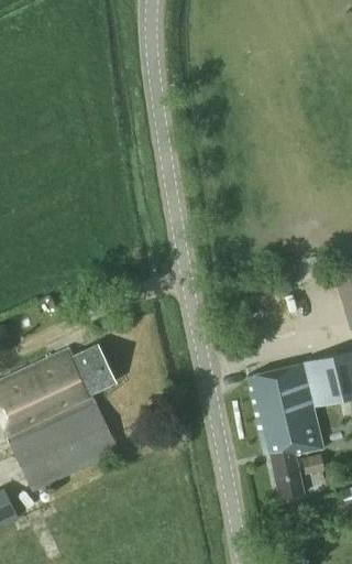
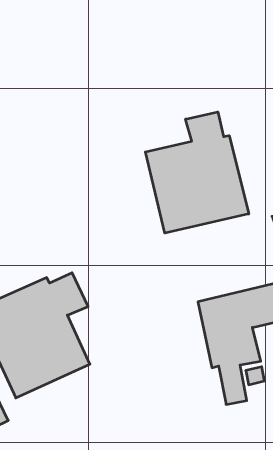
building: none -> [145,112,249,233]

